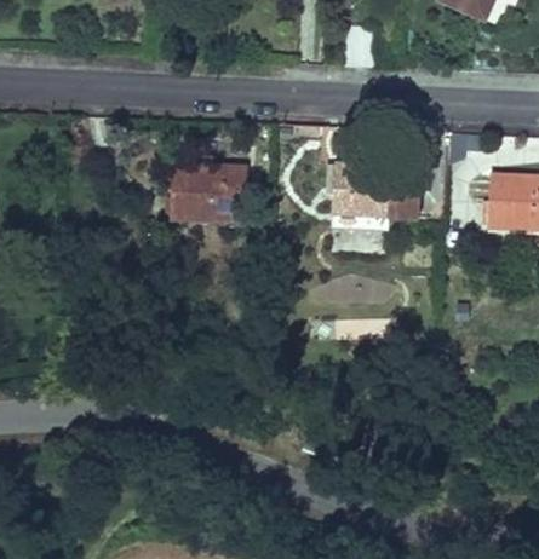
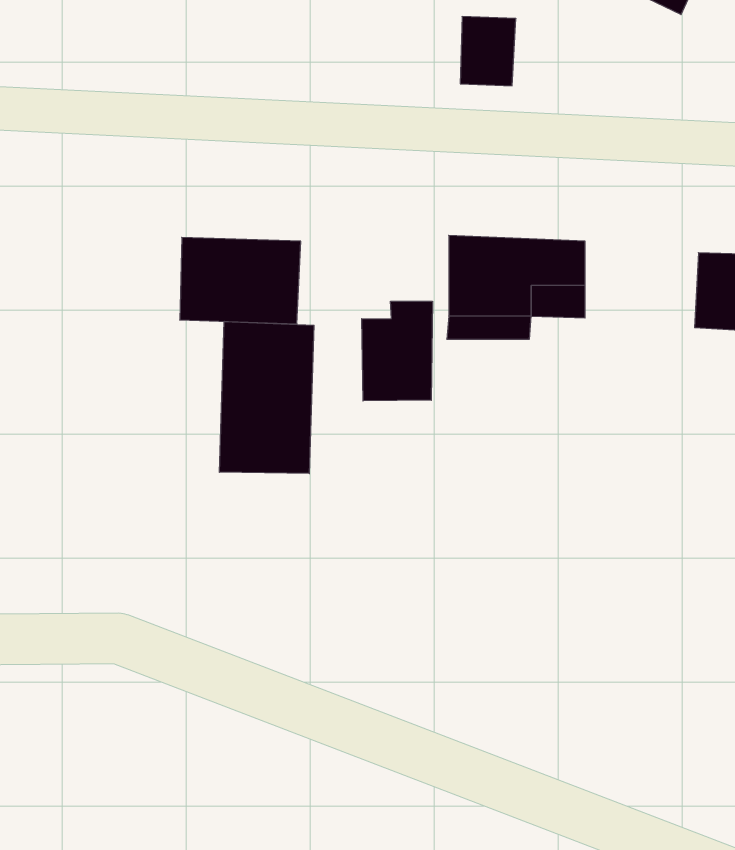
building: none -> [362,301,432,401]
building: none -> [219,321,314,474]

